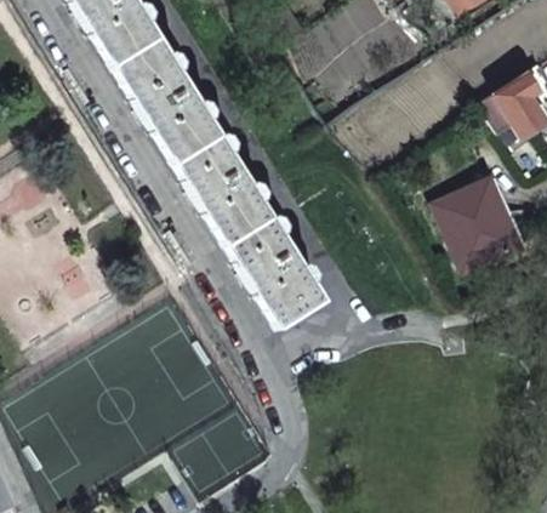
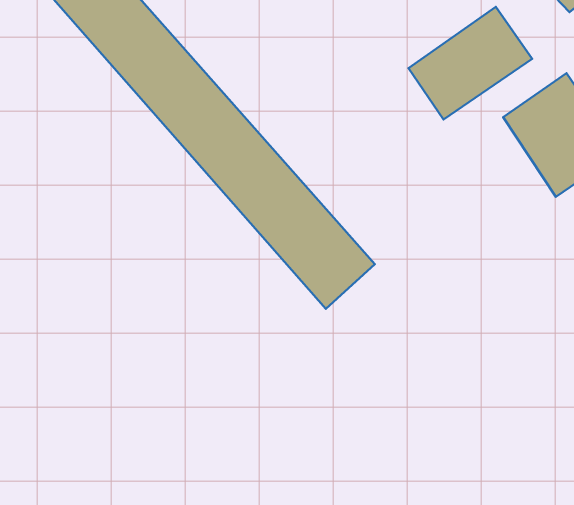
building: none -> [409,7,532,120]

